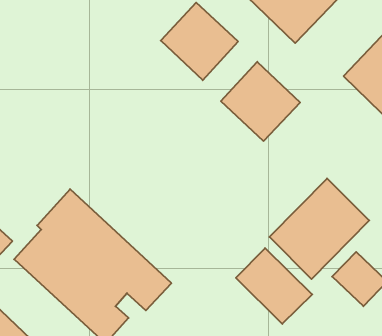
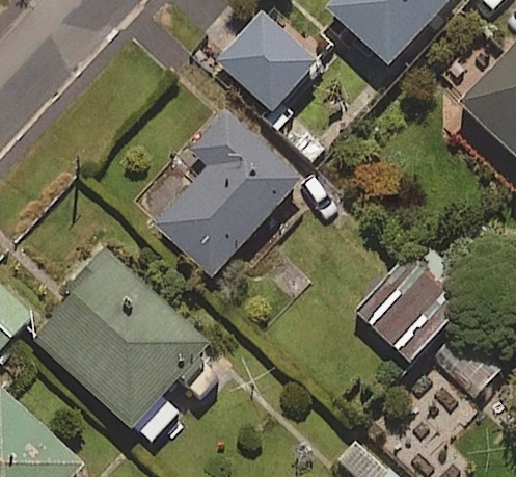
building: [221,62,300,141] -> none
building: none -> [153,108,301,277]
building: [236,248,312,324] -> none

